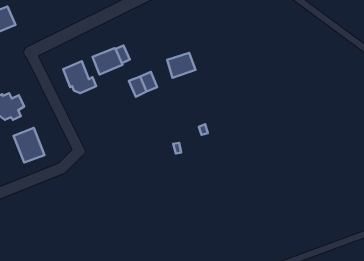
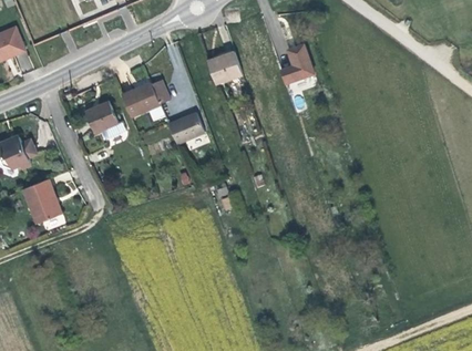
building: none -> [281,50,315,89]
building: [167,53,195,78] -> [207,52,243,83]

